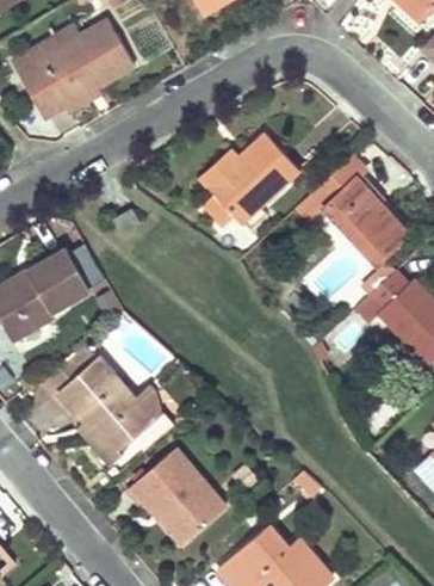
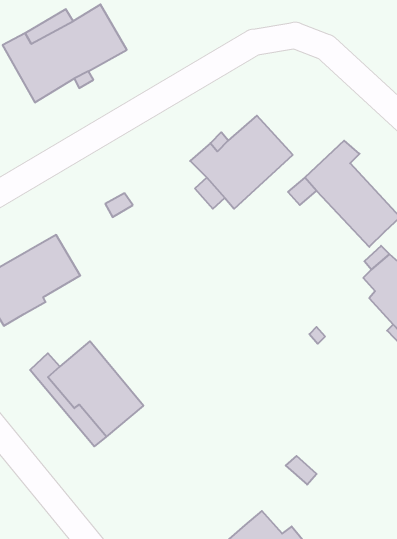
building: [131,449,225,545] -> none

